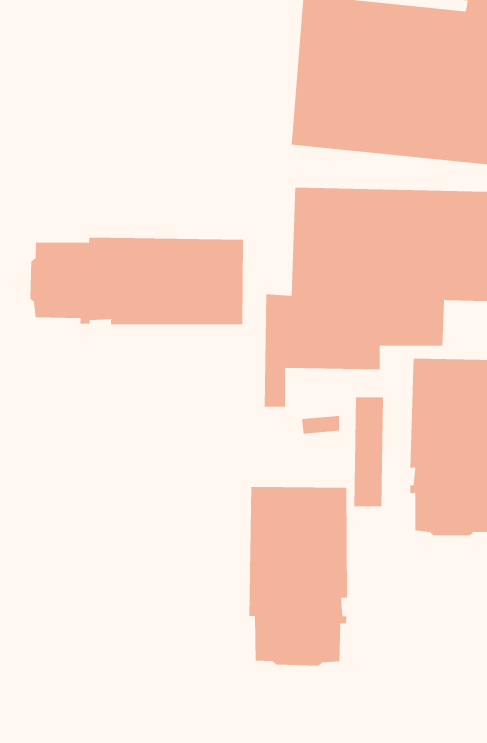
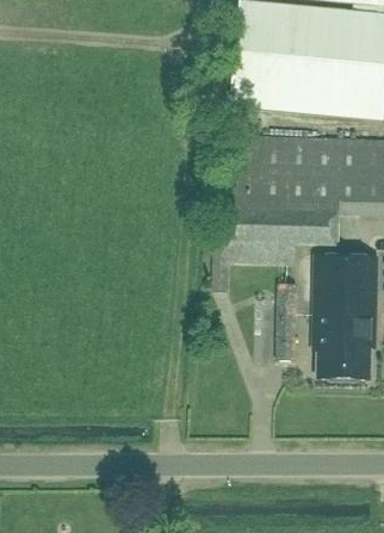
building: [30,237,244,325] -> none
building: [249,486,347,666] -> none

